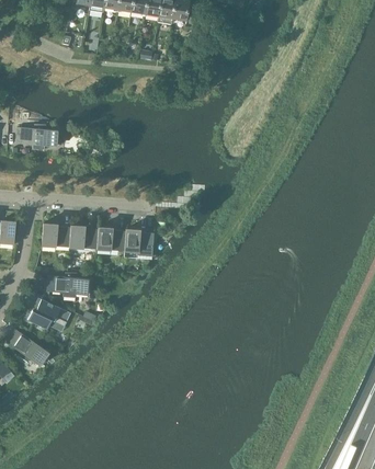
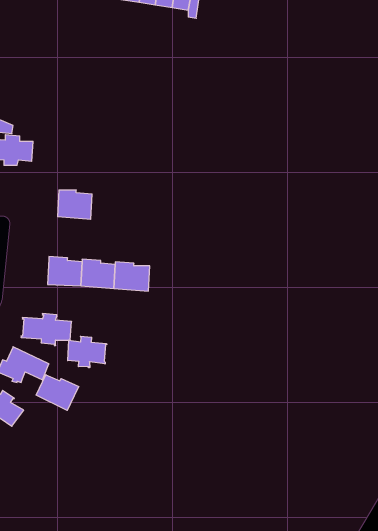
building: [42,224,70,248] -> [58,190,92,219]
building: none -> [68,336,107,368]
building: none -> [36,375,79,410]

